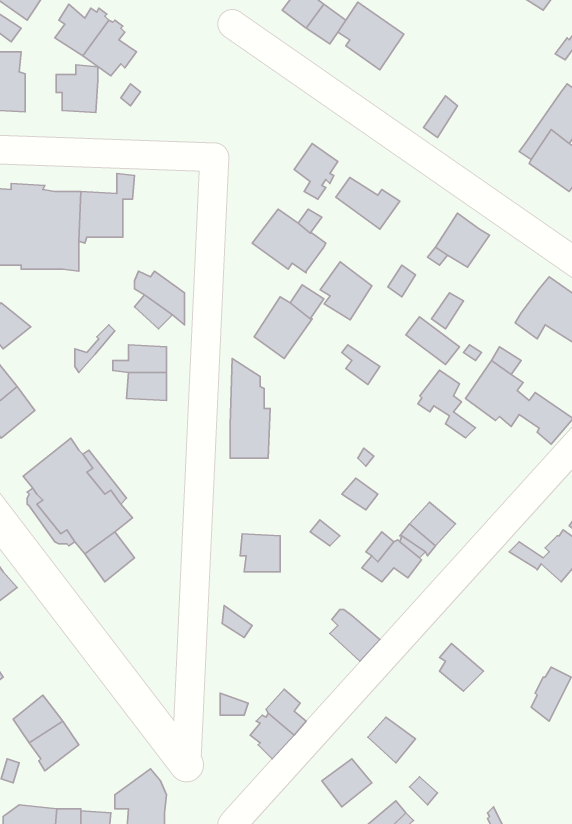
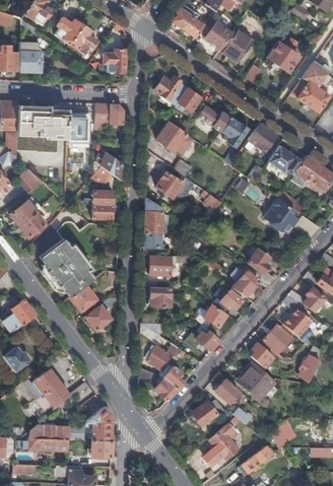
building: none -> [221,28,253,62]
building: none -> [268,38,299,72]
building: [56,65,98,112] -> [105,49,126,73]
building: none -> [155,76,187,105]
building: none -> [95,105,124,130]
building: none -> [269,146,303,175]
building: [320,262,372,320] -> [221,118,248,147]
building: [418,370,476,438] -> [247,250,276,284]
building: none -> [150,256,183,276]
building: none -> [283,296,312,336]
building: none -> [85,297,117,331]
building: none -> [197,304,226,329]
building: none -> [264,325,291,353]
building: none -> [147,343,182,376]
building: none -> [239,362,275,400]

